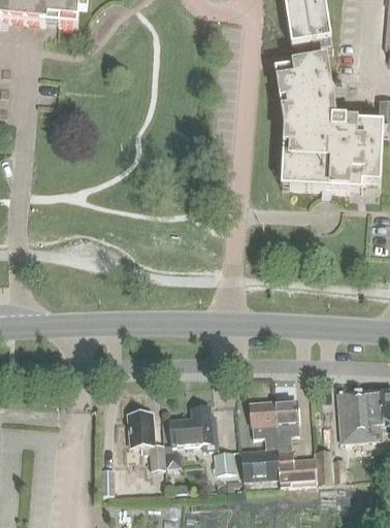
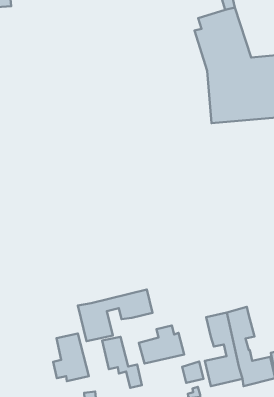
building: none -> [78,290,152,341]
building: none -> [53,334,89,381]

